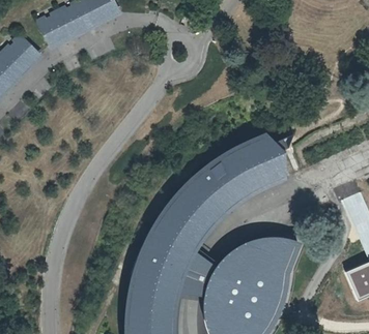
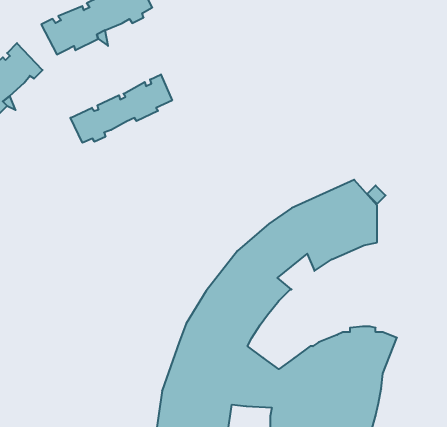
building: none -> [70,74,172,143]

